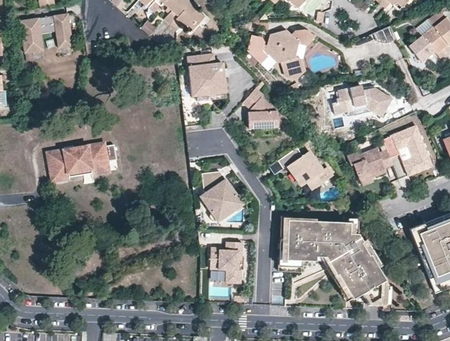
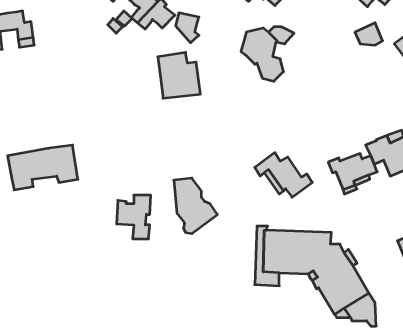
building: [248,33,270,61] -> [176,13,199,43]
building: [333,85,394,117] -> none
building: [243,87,279,128] -> none
building: [211,241,243,282] -> [117,195,151,239]

